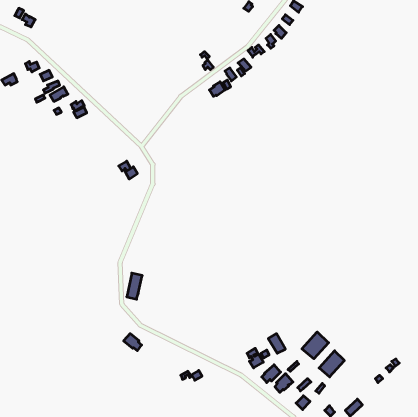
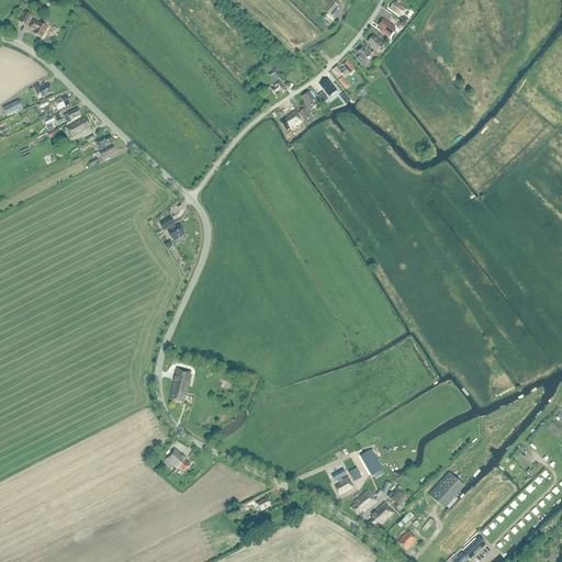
building: [302,332,329,359] -> none

